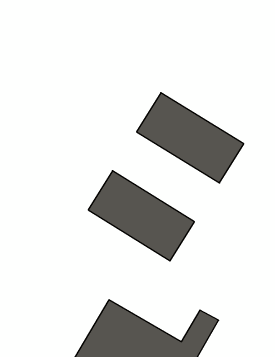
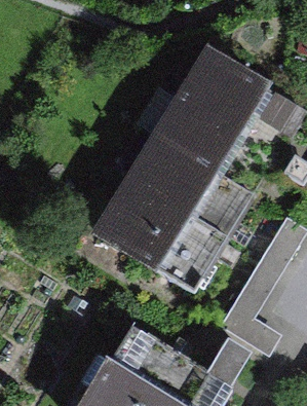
building: none -> [180,65,298,164]
building: none -> [126,151,244,251]

